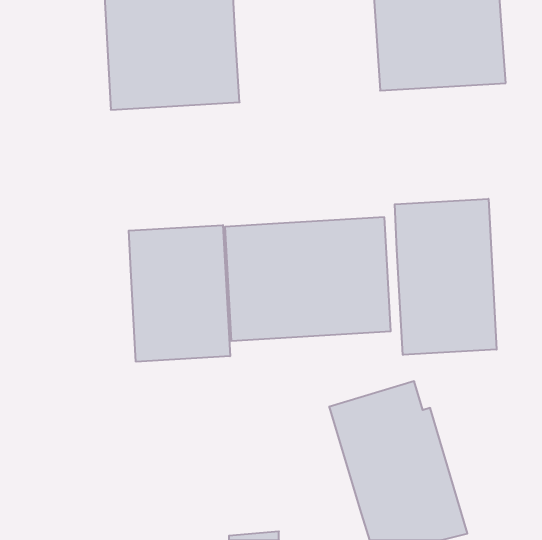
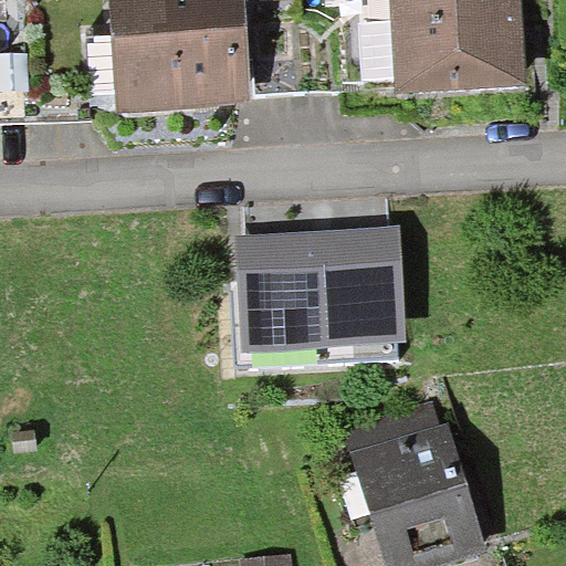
building: [395,199,497,355] -> none
building: [129,225,230,362] -> none

